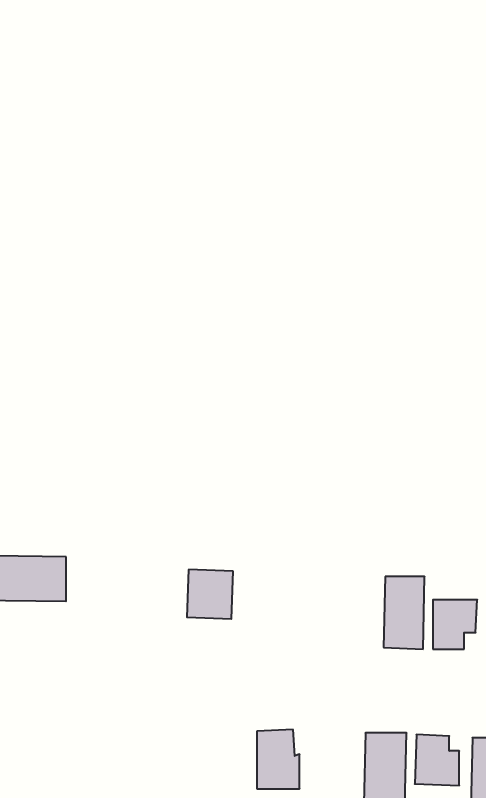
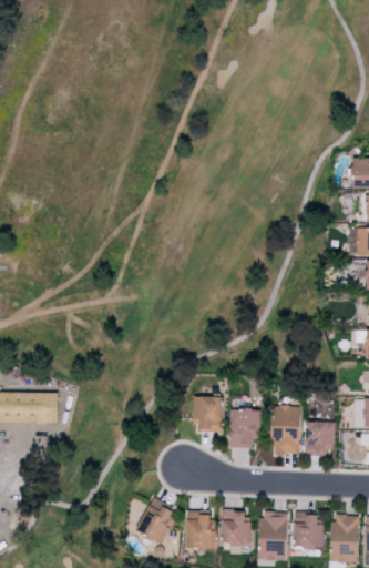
building: [187,570,233,619] -> [192,396,223,429]
building: none -> [229,408,260,448]
building: none -> [136,499,173,544]
building: none -> [221,510,250,545]

